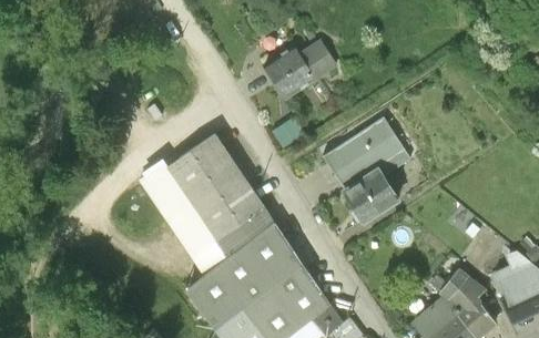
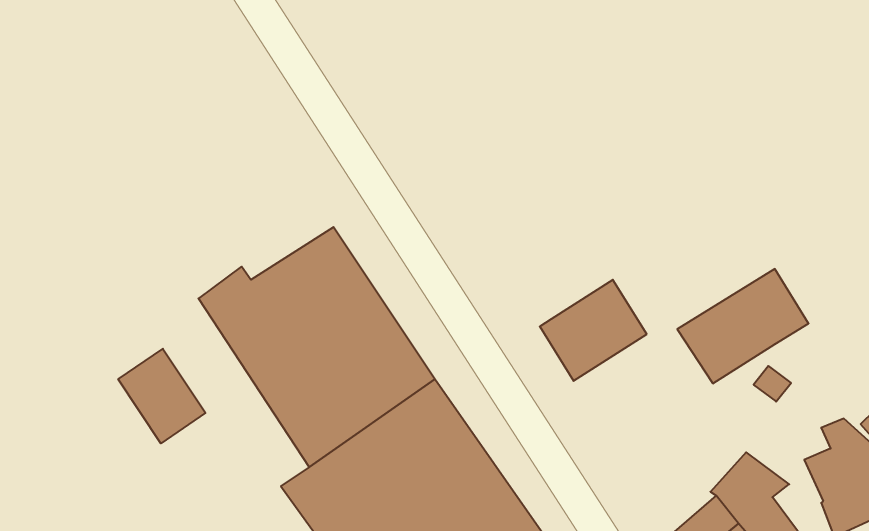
building: [265,40,338,100] -> none
building: [323,122,400,190] -> [677,269,809,383]
building: none -> [118,349,205,443]

